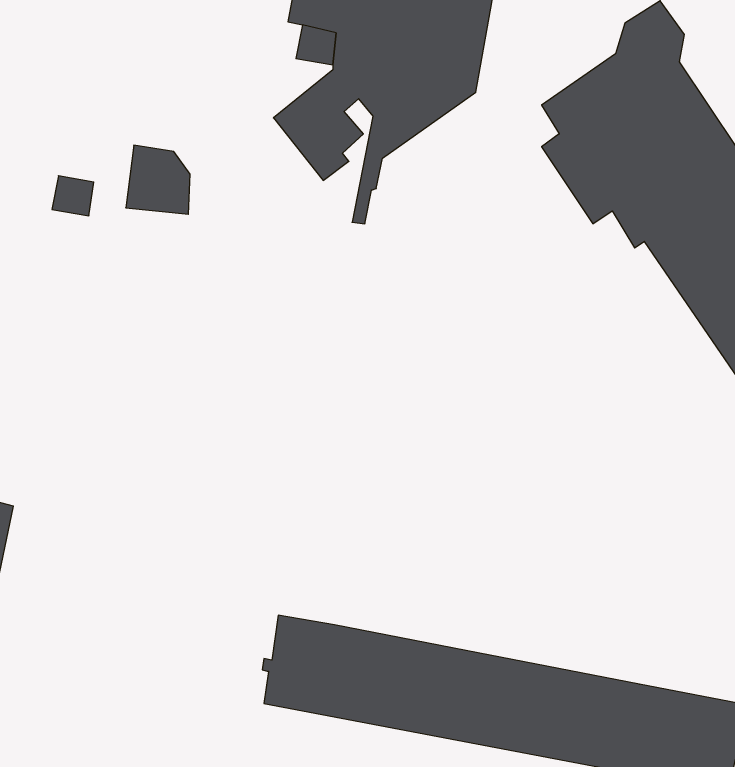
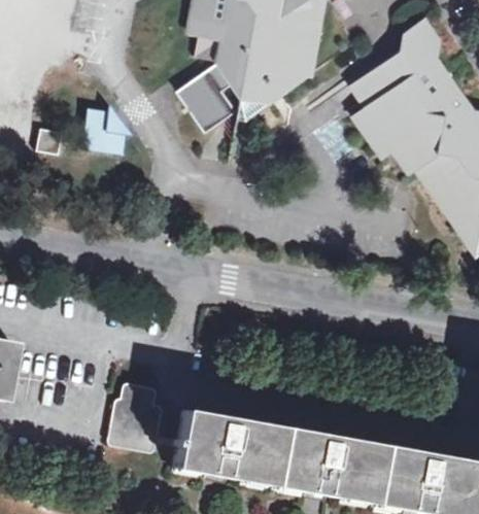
building: none -> [107,382,163,452]

